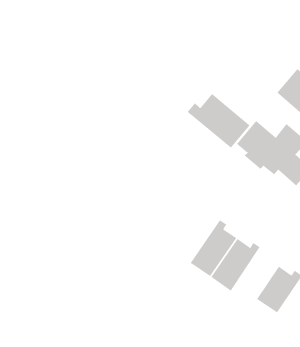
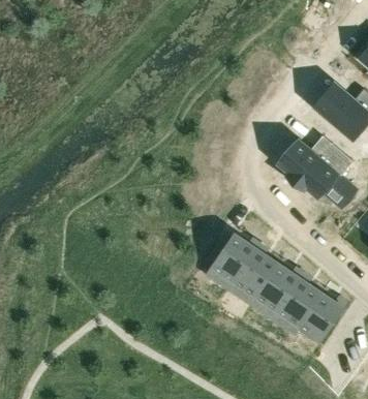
building: [187,93,251,149] -> none
building: none -> [207,233,259,288]
building: none -> [272,272,321,333]

